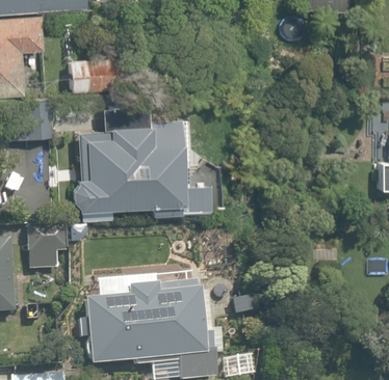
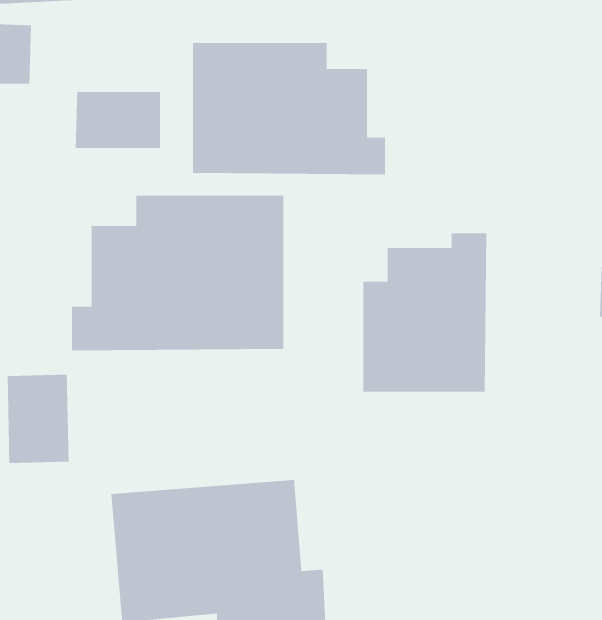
building: none -> [193,42,385,175]
building: none -> [363,232,487,393]

